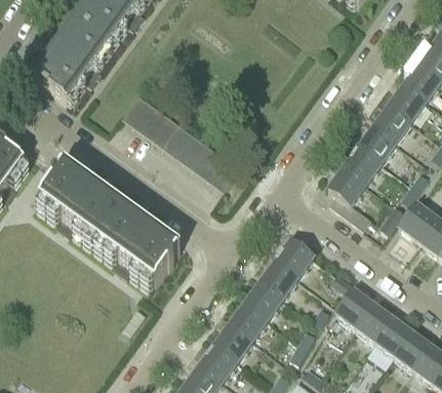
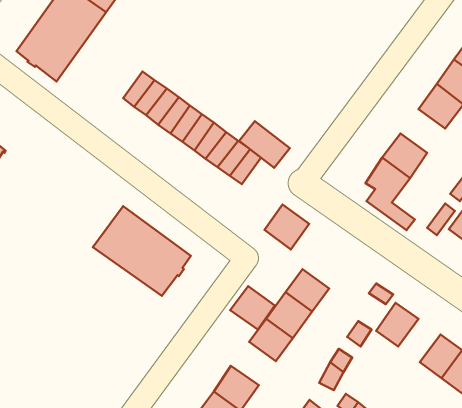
building: [357,126,395,163] -> none
building: none -> [239,121,290,168]
building: [39,166,122,243] -> none
building: [274,240,312,278] -> [264,205,309,249]
building: [355,304,391,341] -> none
building: [213,323,251,360] -> [230,286,275,330]

